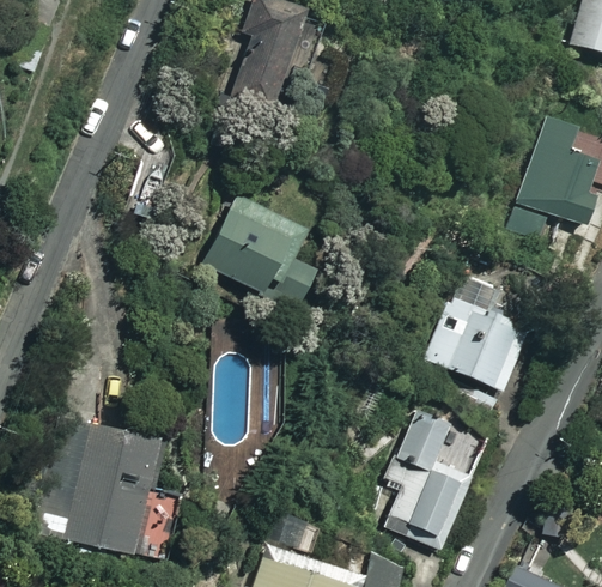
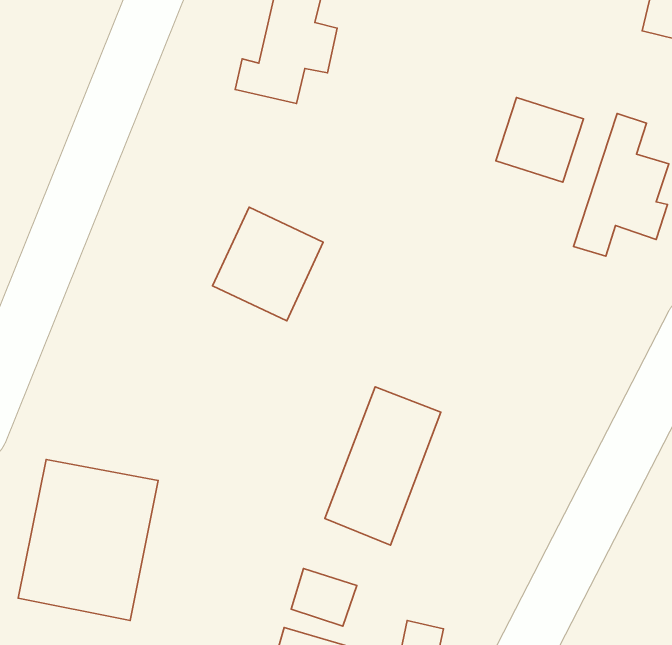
building: none -> [496,97,583,182]
building: [431,297,528,389] -> none
building: [385,414,485,550] -> [325,387,441,545]

